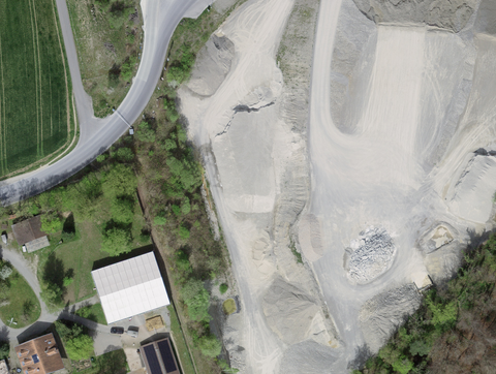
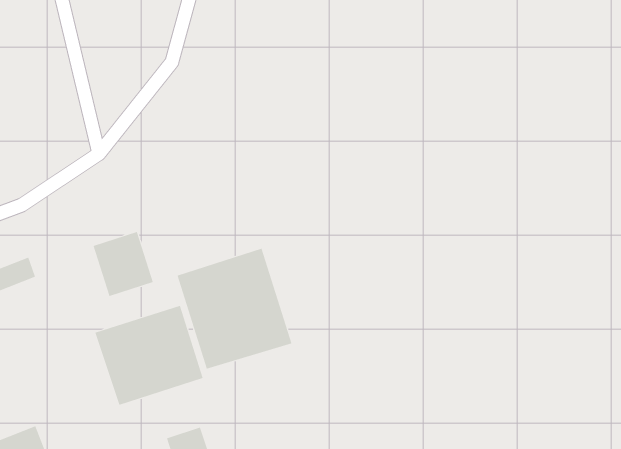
building: none -> [93,231,154,297]
building: none -> [177,248,292,370]

